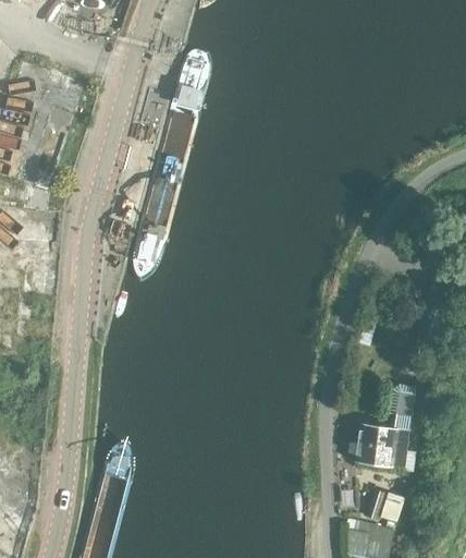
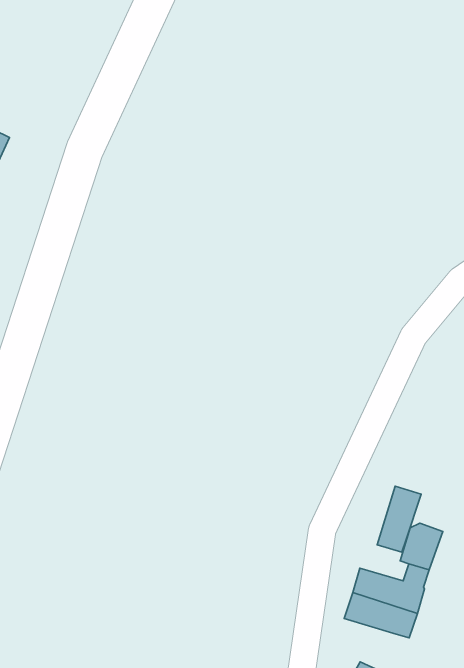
building: none -> [377,486,421,552]

